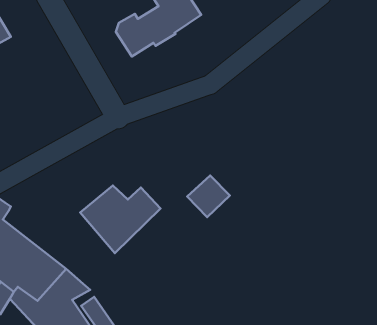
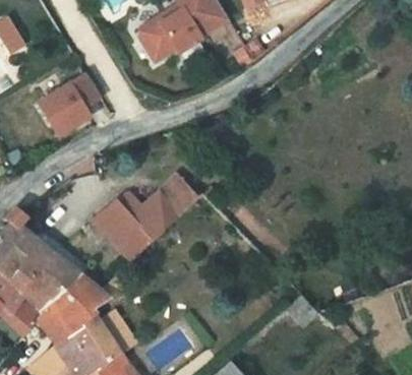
building: none -> [39,73,101,134]
building: [187,176,230,217] -> [160,175,203,217]

